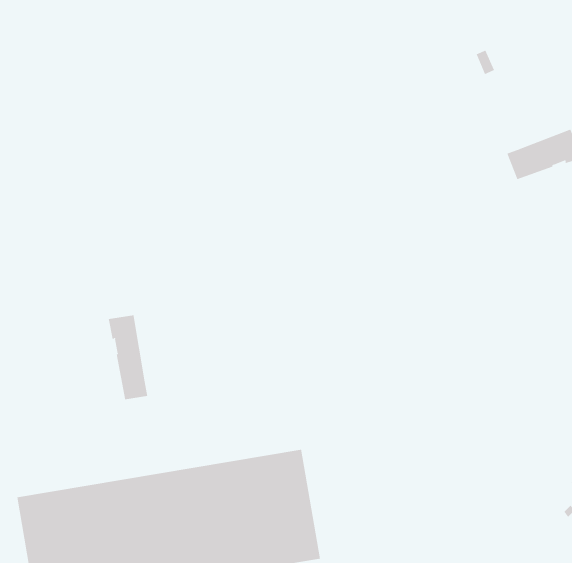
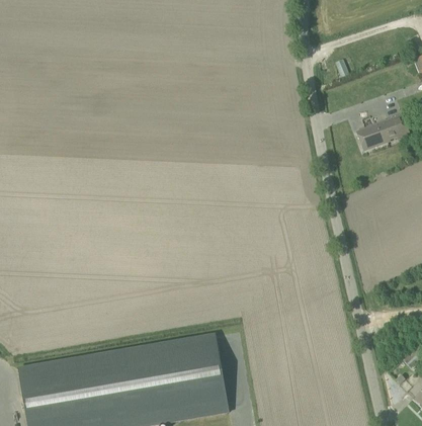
building: [108,315,148,400] -> none

